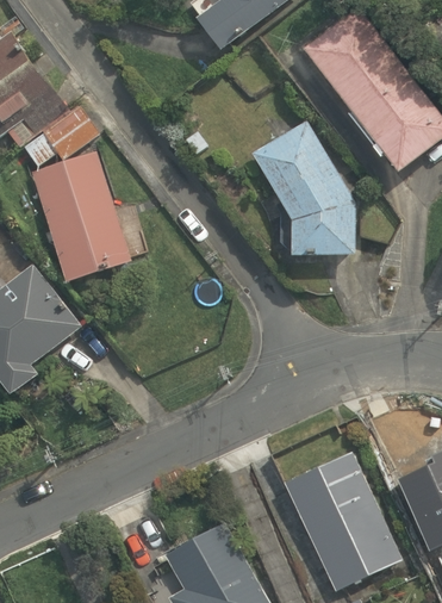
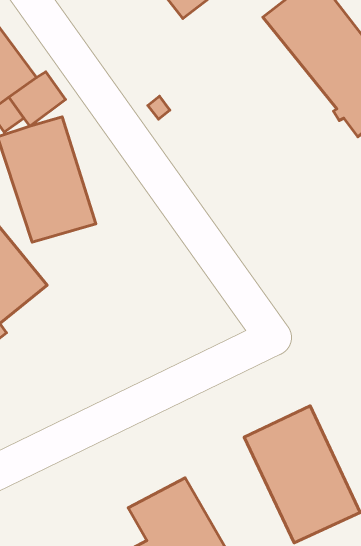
building: [251,120,356,255] -> none

